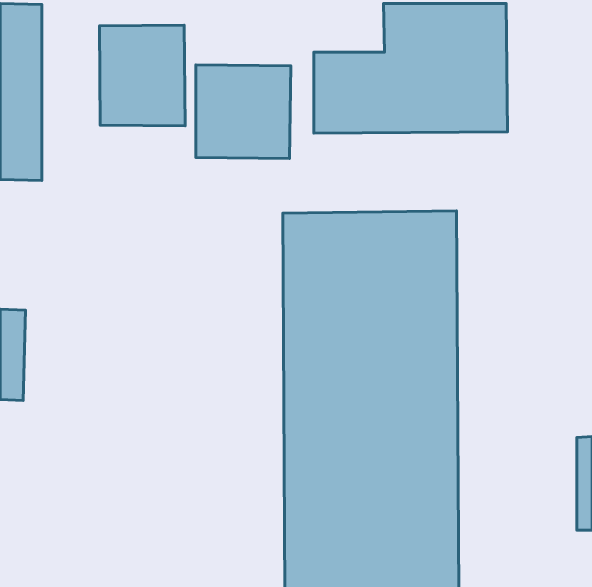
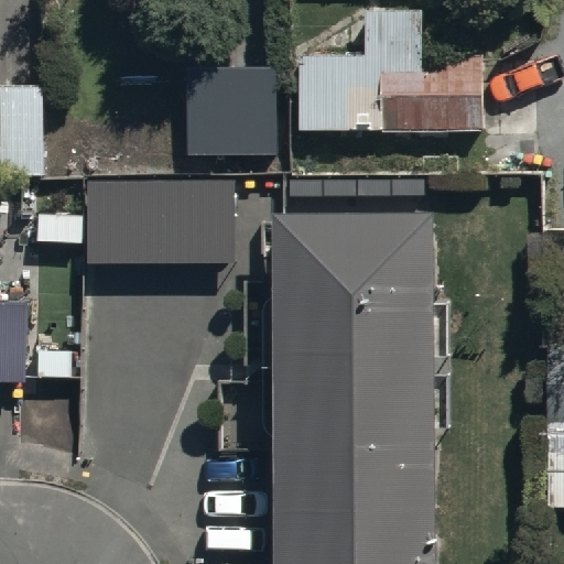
building: [99,25,185,126] -> none
building: none -> [86,185,234,268]

